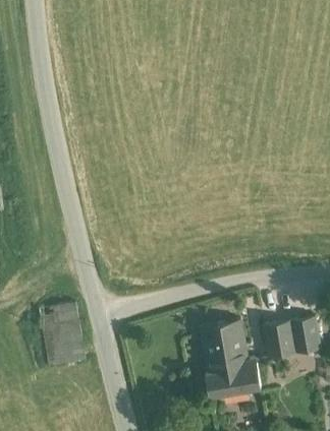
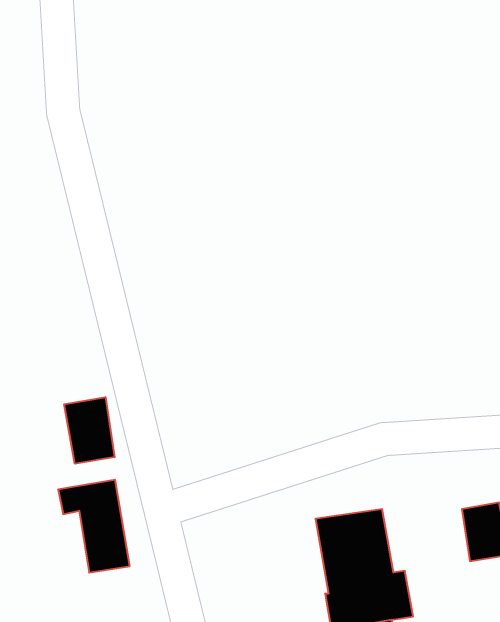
building: none -> [64,397,115,464]
building: [263,321,296,359] -> none

